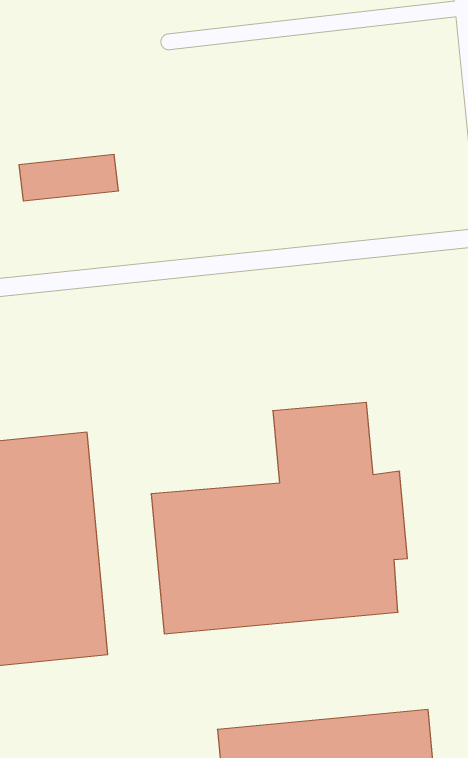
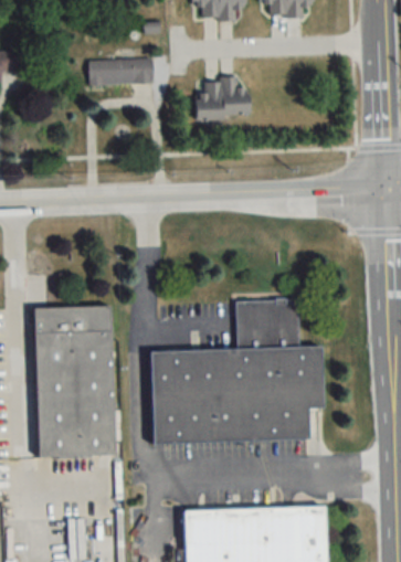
building: none -> [196,77,250,118]
building: [19,155,119,201] -> [88,59,154,85]

